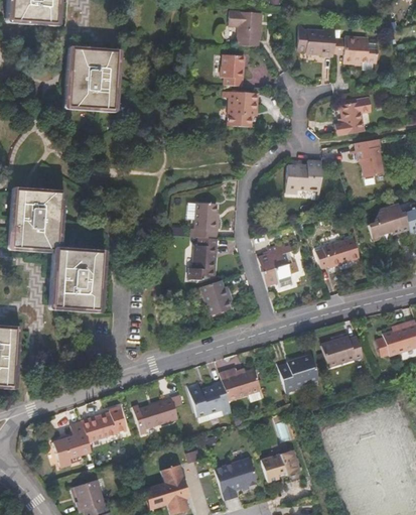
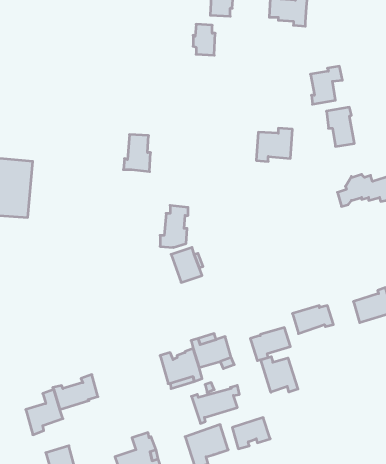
building: [333,35,377,62] -> none
building: [66,48,115,108] -> none
building: [224,91,258,127] -> none
building: [189,202,217,239] -> [123,135,151,172]
building: [314,237,357,267] -> none
building: [256,241,298,285] -> none
building: [51,249,99,308] -> none
building: none -> [261,357,298,392]
building: [131,396,179,434] -> [191,385,239,423]

